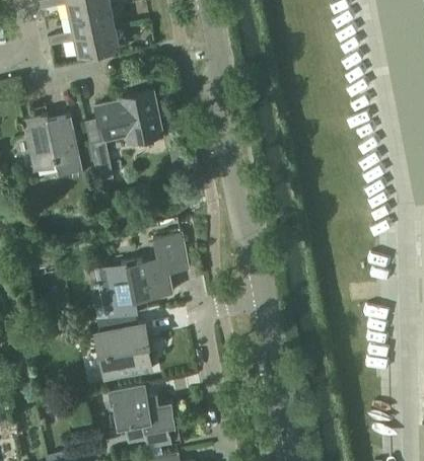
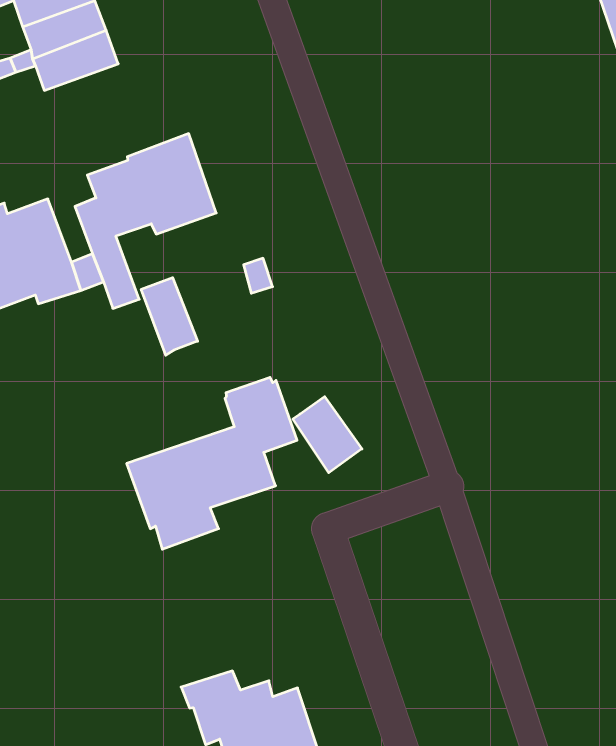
building: none -> [141,278,198,355]
building: none -> [293,397,362,473]
building: [95,325,152,383] -> none

